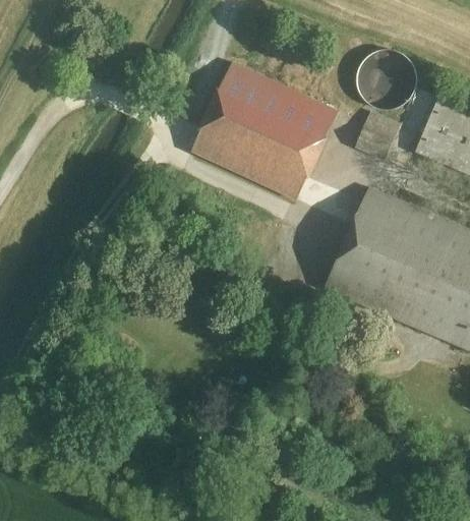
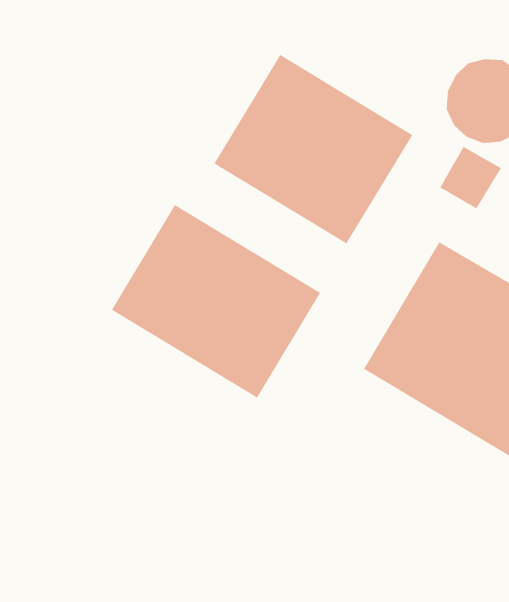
building: none -> [111,204,321,399]

